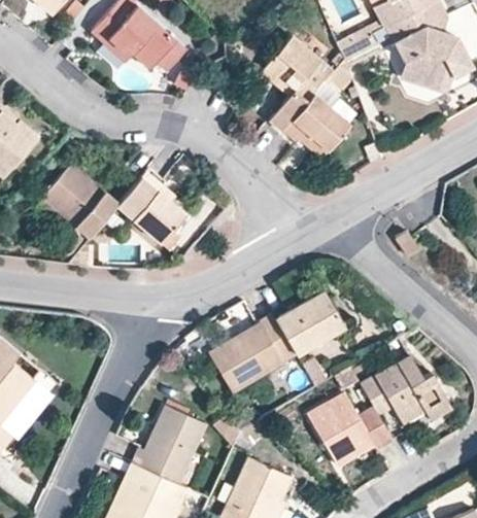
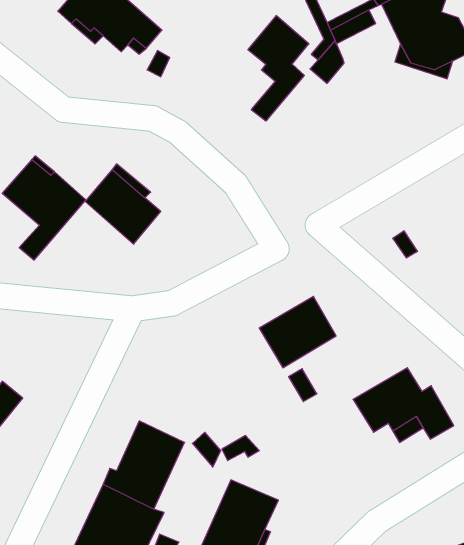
building: [282,94,350,150] -> none
building: [210,315,297,393] -> none
building: [306,368,394,468] -> none

